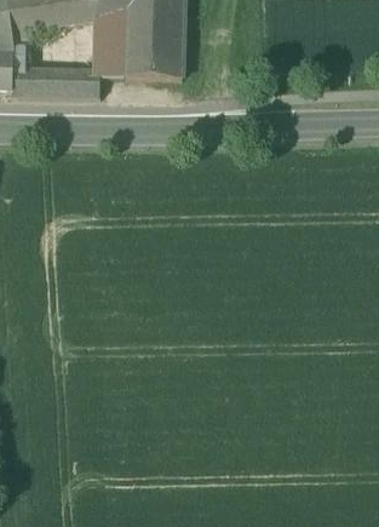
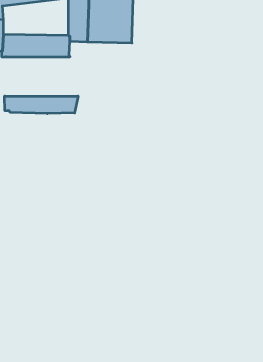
building: none -> [5,96,78,114]

